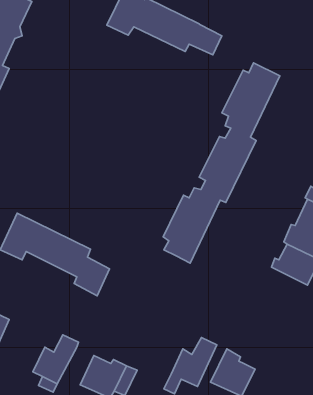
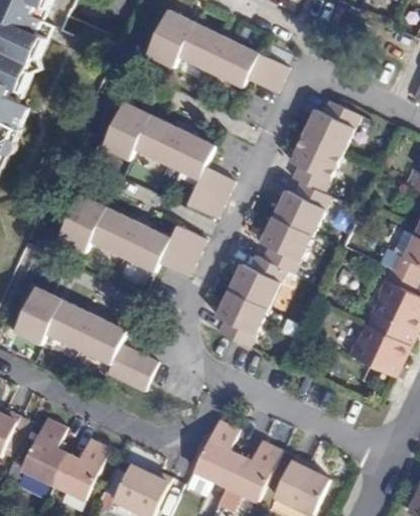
building: none -> [101,104,232,218]
building: none -> [56,196,205,276]
building: none -> [21,418,68,483]
building: none -> [191,418,239,486]

